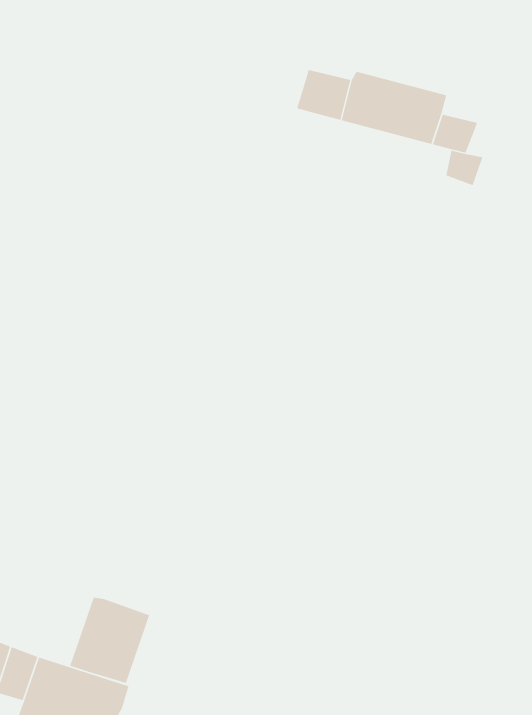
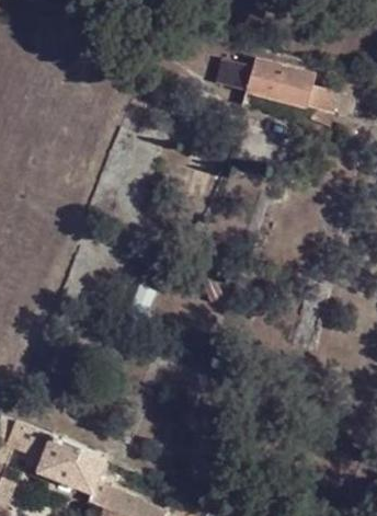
building: [69,597,150,684] -> none

